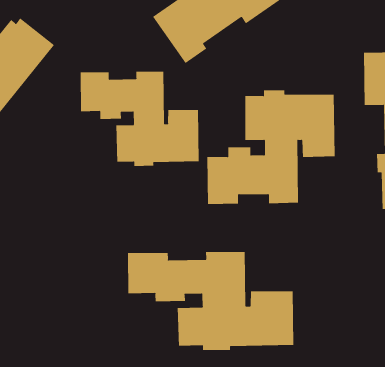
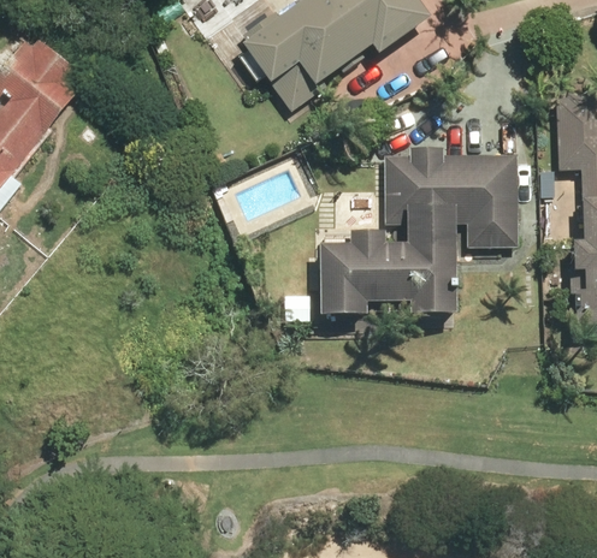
building: [80,71,199,167] -> none
building: [128,251,294,351] -> none

